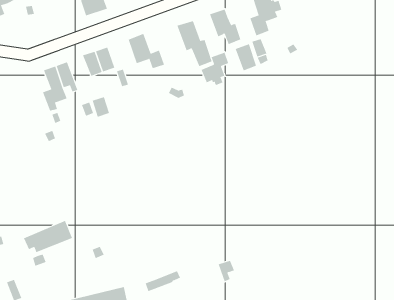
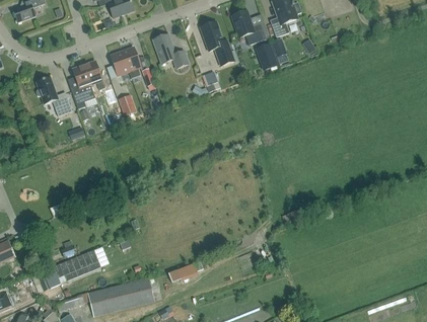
building: [201,52,229,86] -> none
building: none -> [35,77,72,115]
building: [23,220,73,253] -> [54,249,101,280]

